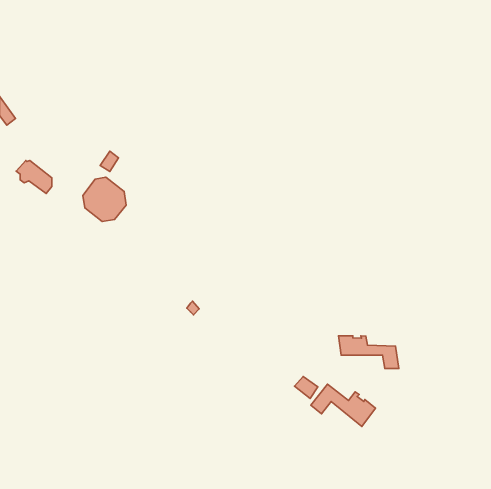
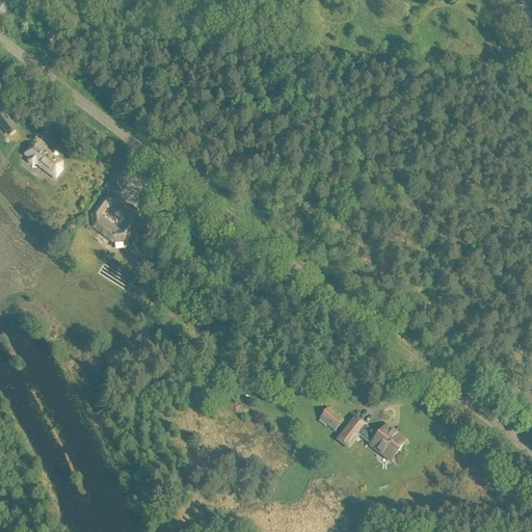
building: [16,161,52,193] -> [21,140,59,176]
building: [339,336,399,369] -> none

